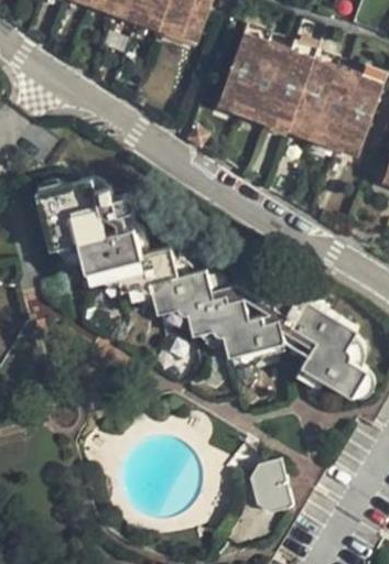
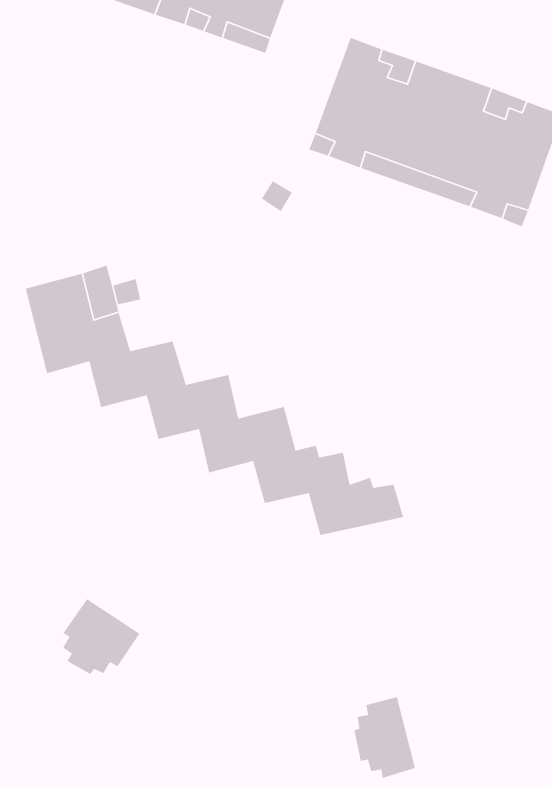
building: [289,302,364,399] -> none
building: none -> [62,598,140,675]

